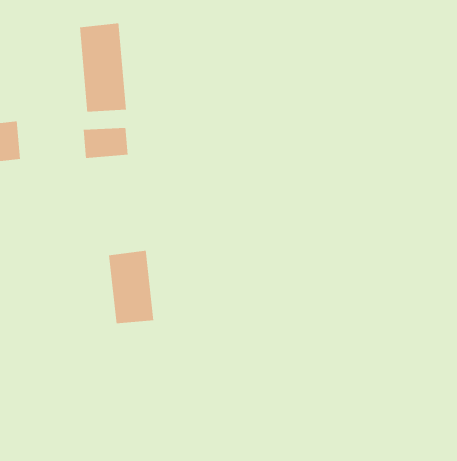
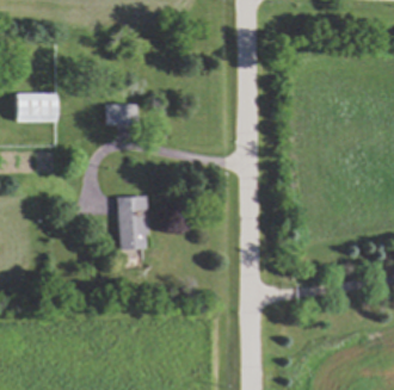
building: [79,22,126,113] -> none

